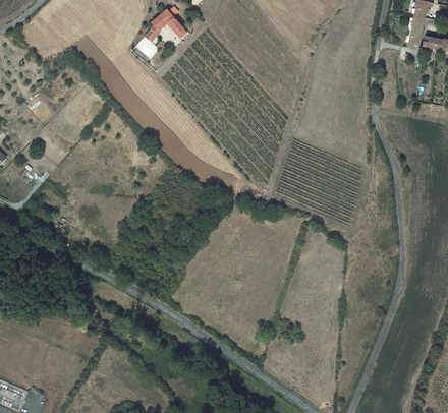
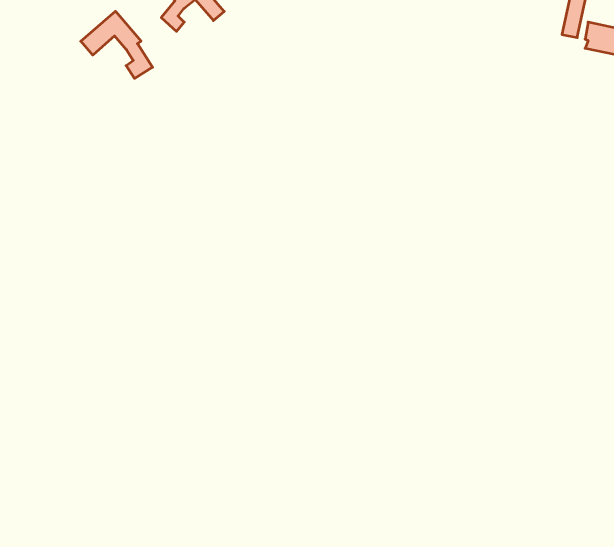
building: none -> [81,11,153,78]

